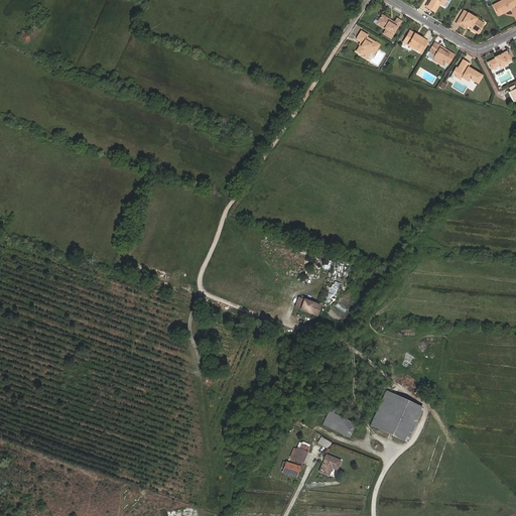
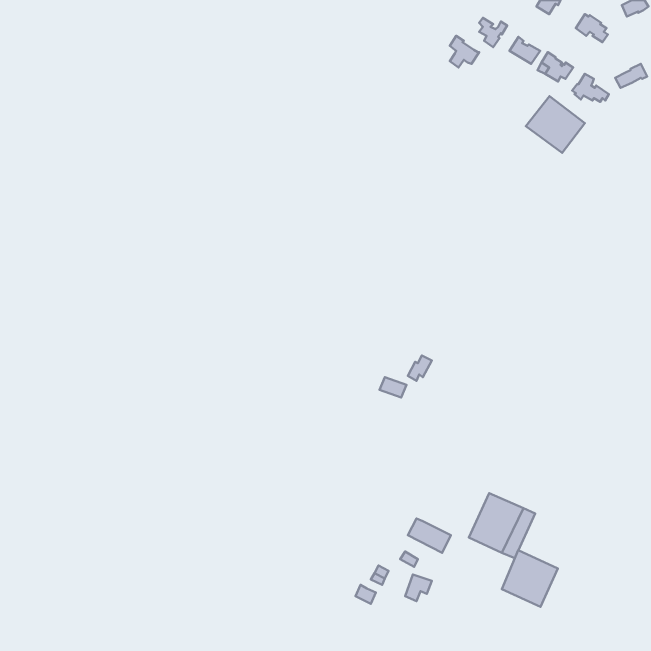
building: none -> [526,96,585,153]
building: none -> [502,550,558,607]

